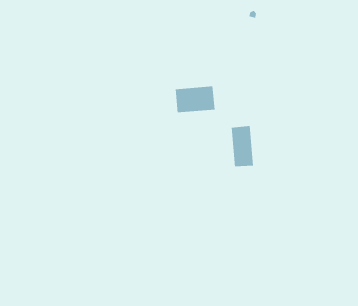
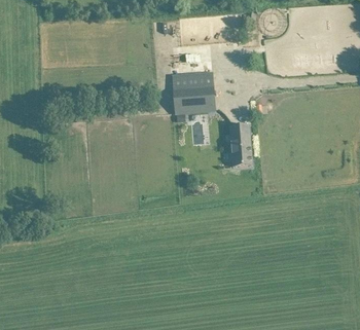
building: none -> [173,72,212,89]

